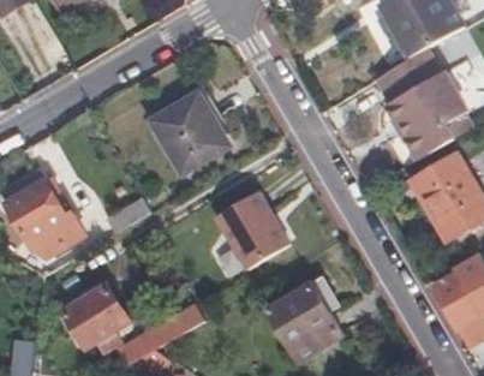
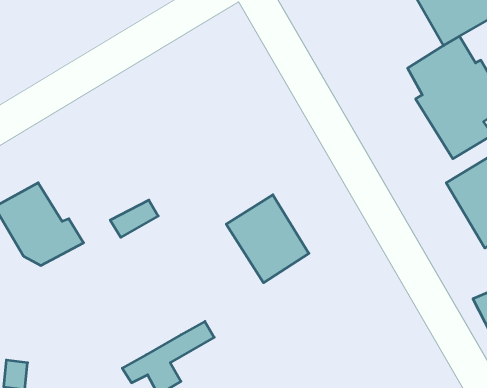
building: [150,96,227,173] -> none
building: [65,281,132,350] -> none
building: [271,282,341,359] -> none

